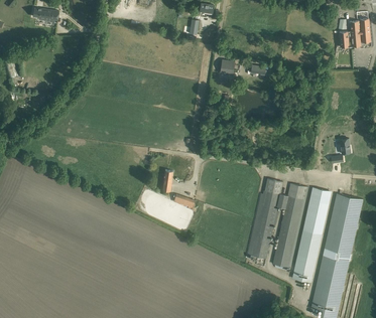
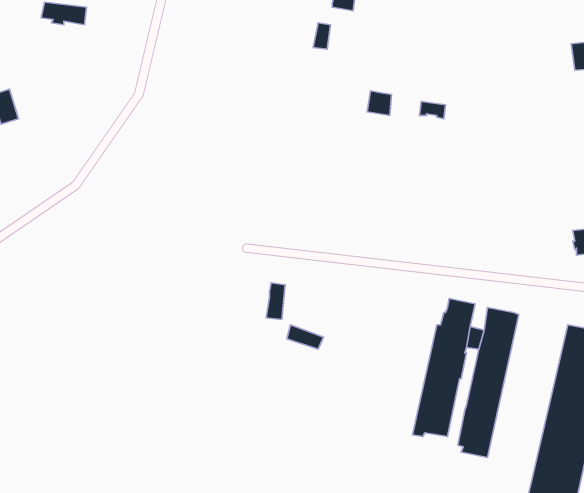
building: [292,186,332,282] -> none

